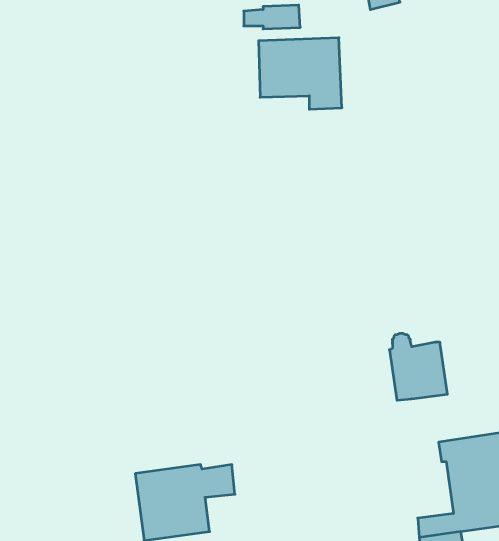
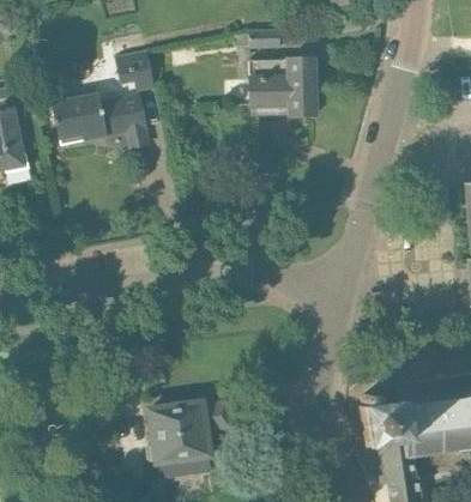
building: none -> [113,49,153,92]
building: none -> [50,97,147,147]
building: [389,333,447,400] -> [357,392,404,446]

